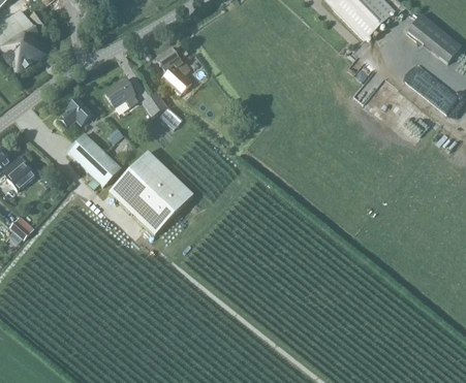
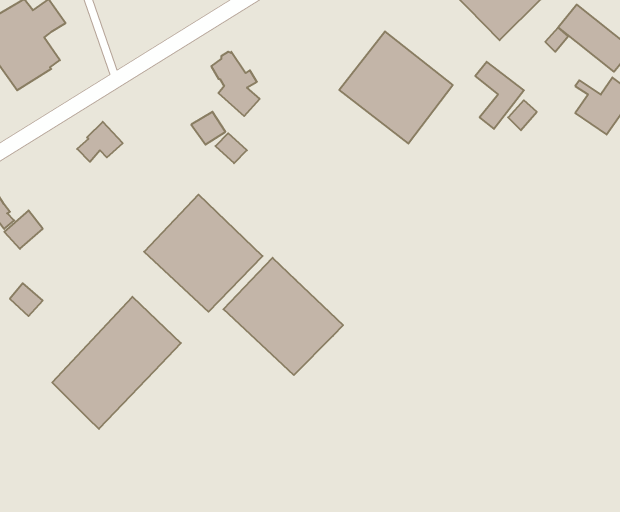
building: none -> [339,31,453,144]
building: [103,77,136,106] -> none
building: [66,132,119,185] -> none
building: none -> [223,258,343,375]
building: none -> [52,297,181,429]

